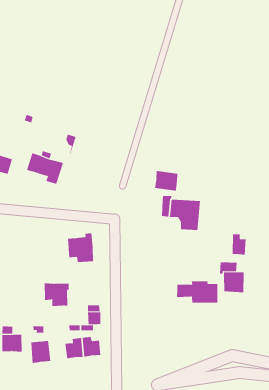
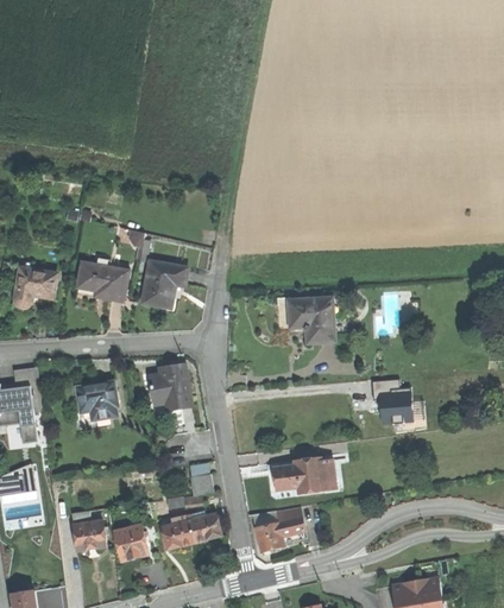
building: none -> [141,262,187,309]
building: [154,170,178,192] -> none
building: [232,233,246,255] -> none
building: [176,281,218,303] -> [272,458,335,493]
building: [44,283,70,306] -> [76,384,115,420]
building: none -> [253,506,304,552]

